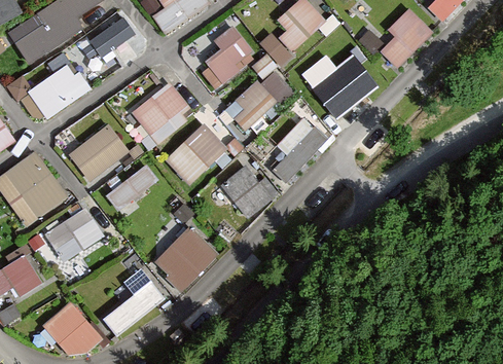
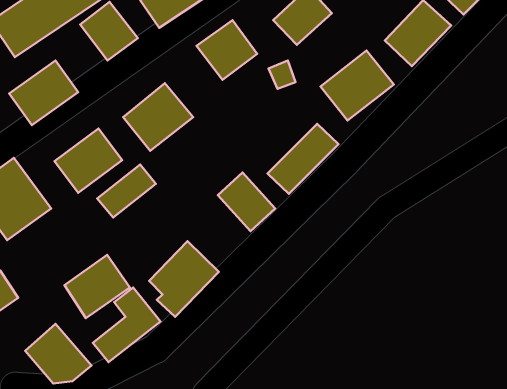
building: [233,81,277,133] -> none
building: [165,124,228,187] -> none
building: [42,207,102,264] -> [64,255,130,318]

